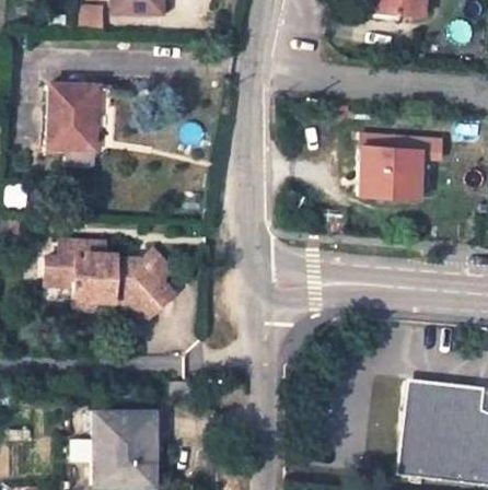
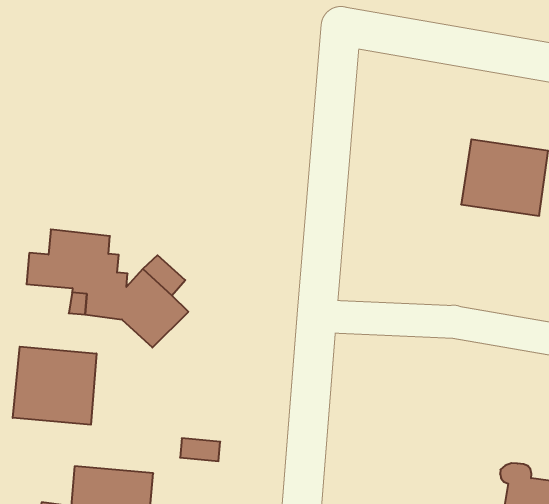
building: [50,85,95,149] -> none
building: none -> [13,347,96,425]

